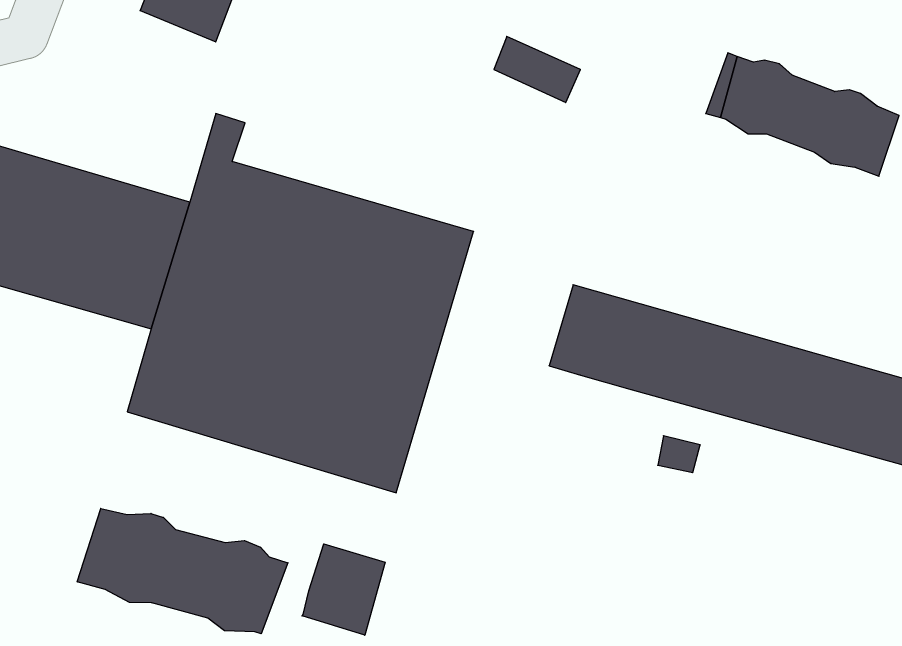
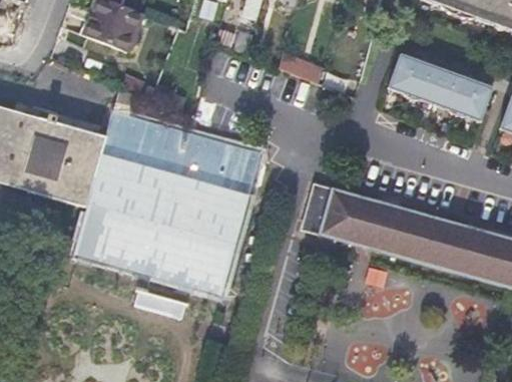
building: [77,508,288,634] -> none
building: [302,544,385,635] -> none

